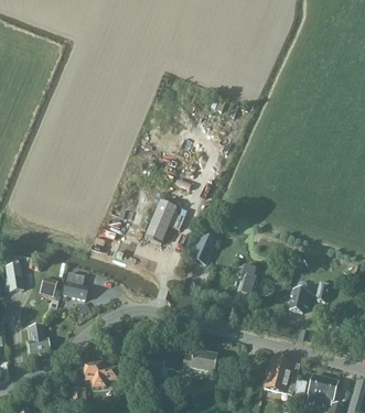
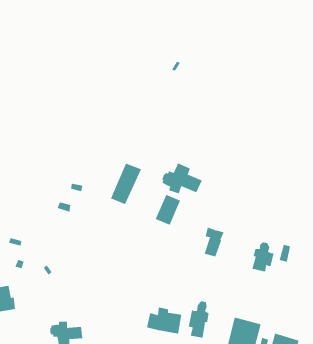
building: none -> [162,163,202,194]
building: [63,270,89,300] -> none
building: none -> [188,300,209,339]

